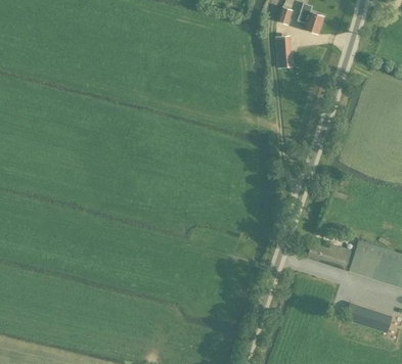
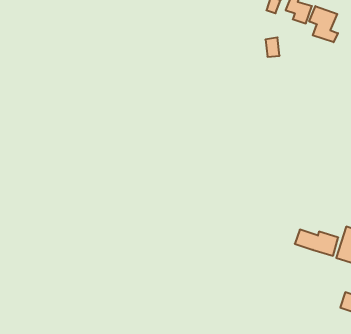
building: none -> [309,6,338,42]

